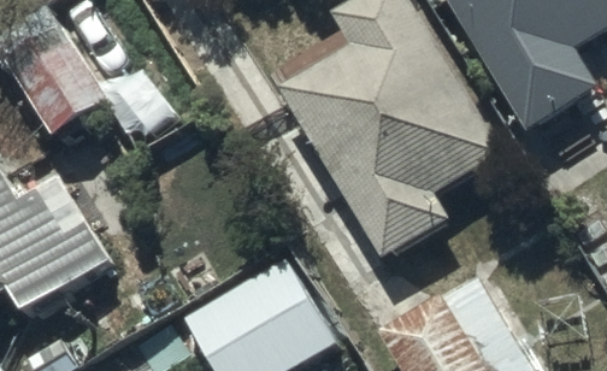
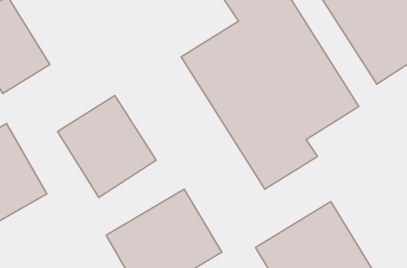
building: none -> [57,95,156,197]

